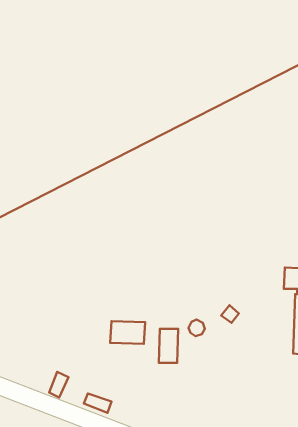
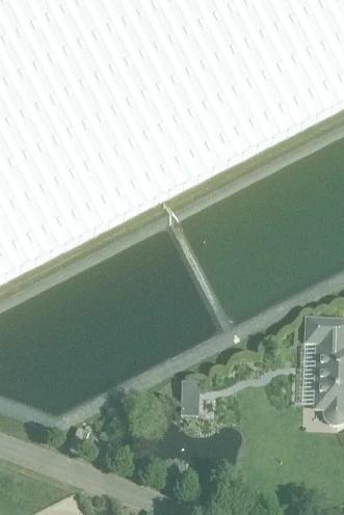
building: [110,321,145,344] -> none

